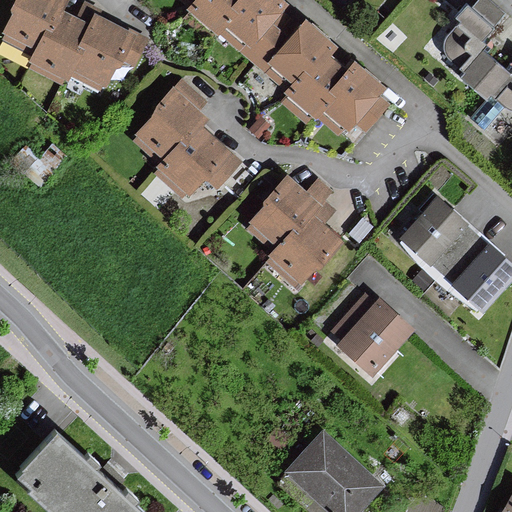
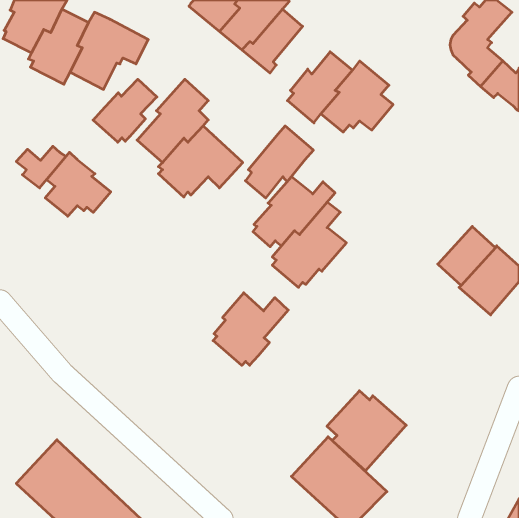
building: [266,19,333,90] -> [245,126,313,198]
building: none -> [93,79,157,142]
building: none -> [45,152,111,216]
building: [400,196,466,263] -> none
building: none -> [213,293,288,365]
building: [334,295,412,374] -> [327,391,406,471]

